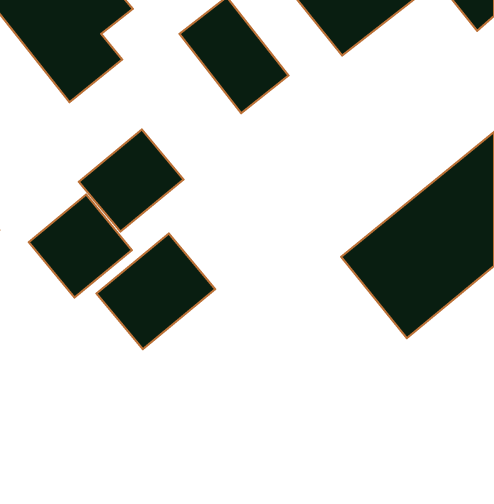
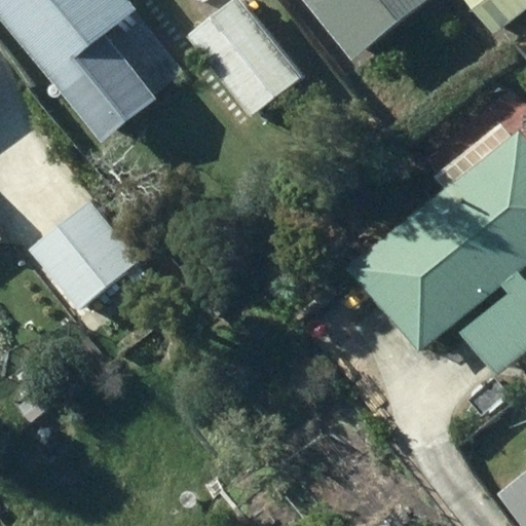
building: [79,130,183,232] -> none
building: [96,233,215,349] -> none

